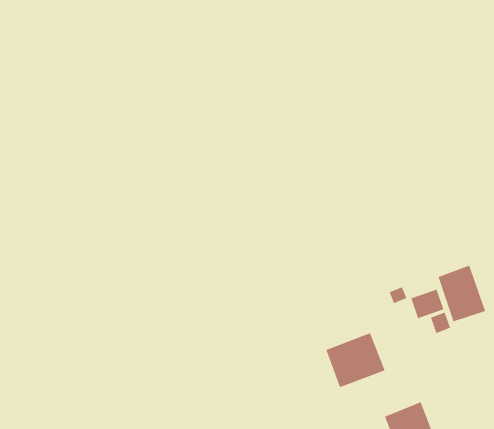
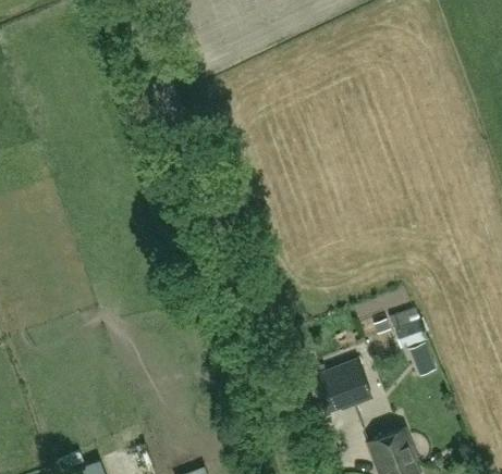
building: [438,265,486,322] -> none

